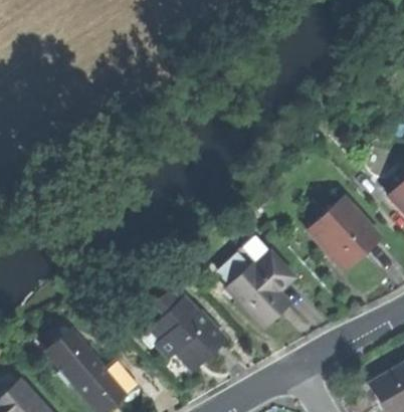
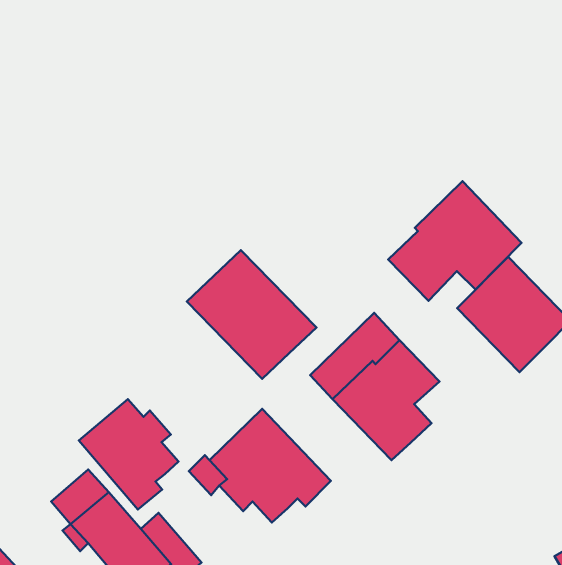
building: none -> [388,181,522,301]
building: none -> [187,250,316,379]
building: none -> [79,399,179,509]

